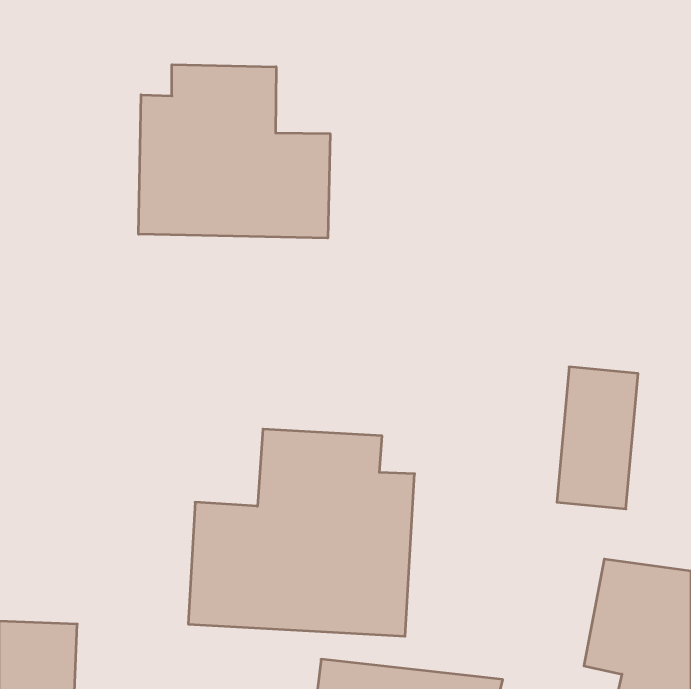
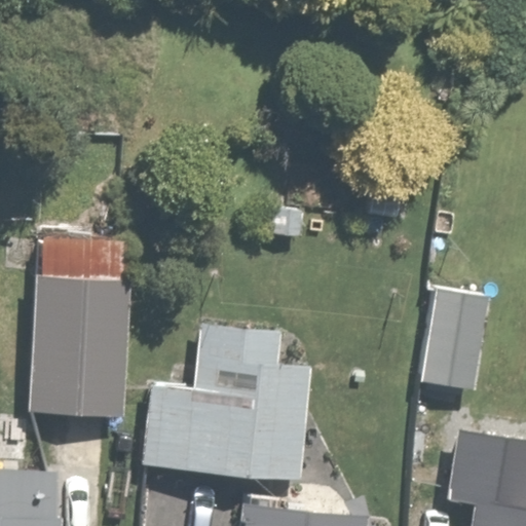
building: [139,65,330,238] -> none
building: none -> [31,229,132,418]

